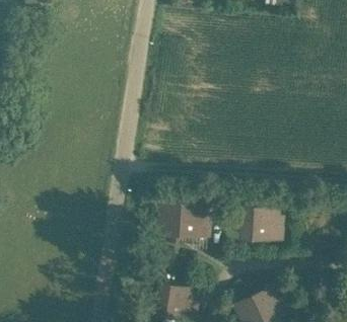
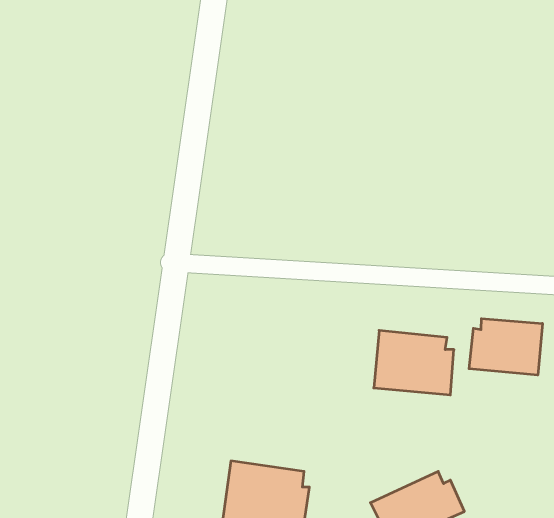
building: none -> [469,319,542,375]
building: [158,204,208,235] -> none

